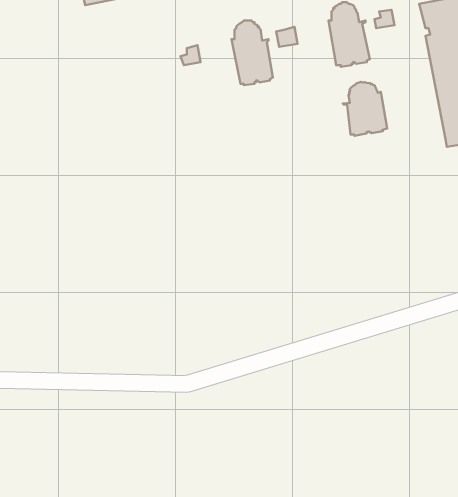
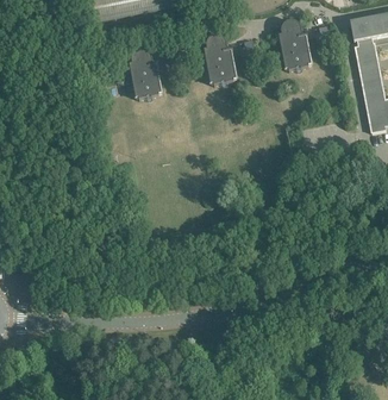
building: none -> [129,45,161,95]
building: [343,82,387,136] -> none

